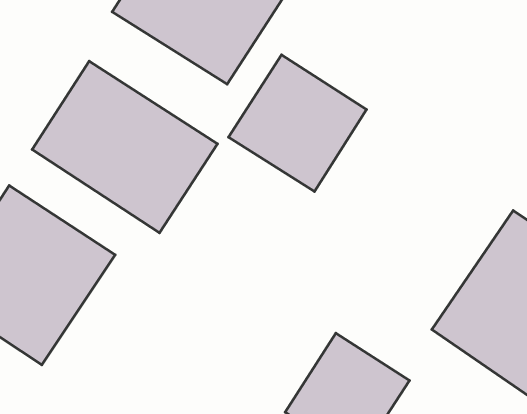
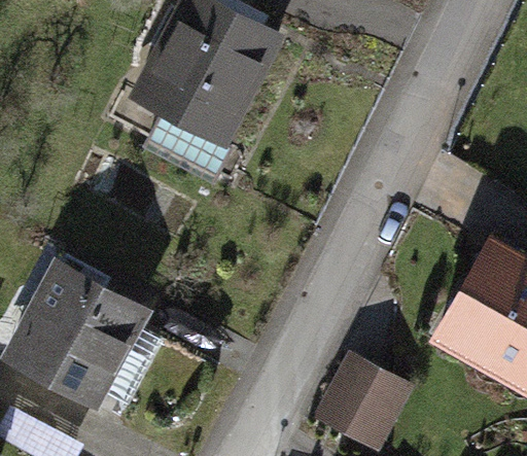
building: [228,55,367,191] -> none
building: [32,61,217,233] -> none

